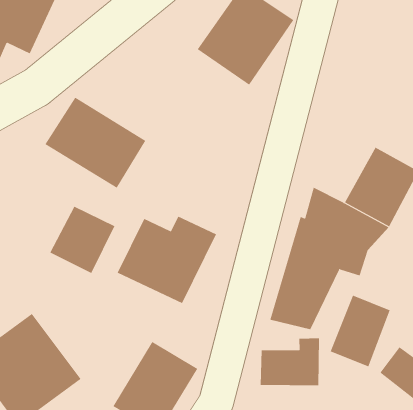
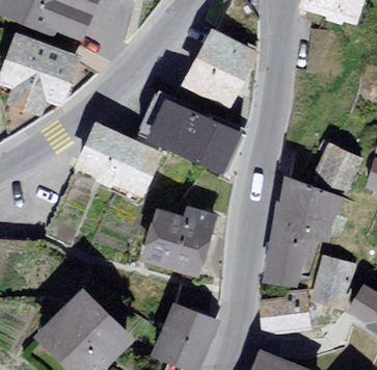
building: none -> [155,102,242,168]
building: [49,206,115,274] -> none

